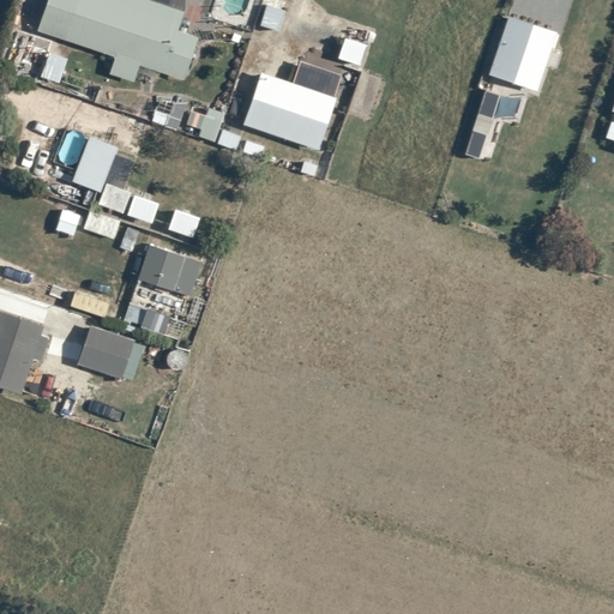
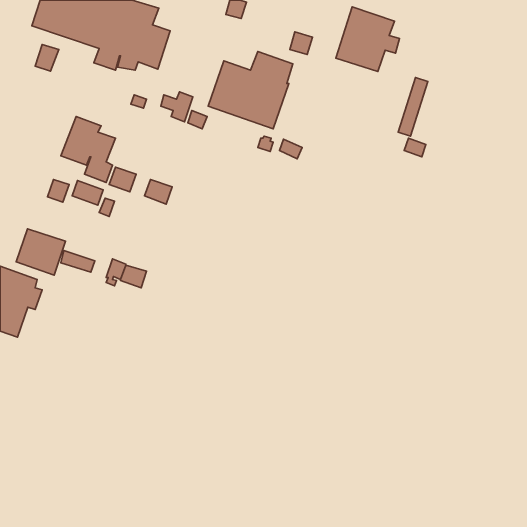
building: [487,14,561,90] -> [336,7,400,72]
building: [138,245,201,295] -> none
building: [77,325,134,379] -> [16,229,66,275]

